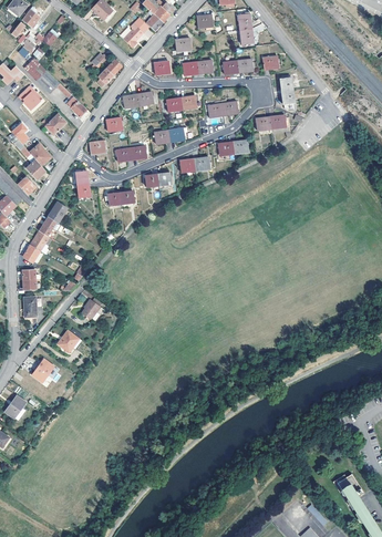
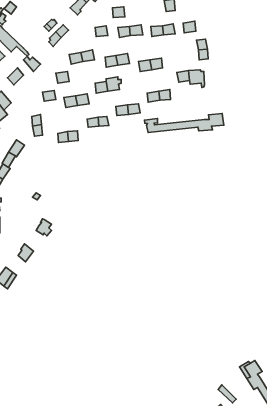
building: none -> [145,114,224,132]

